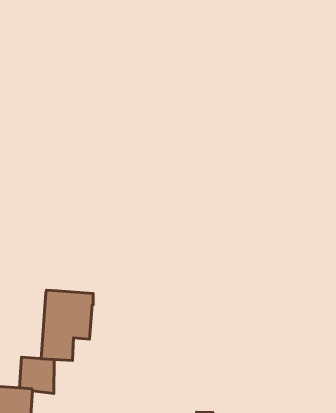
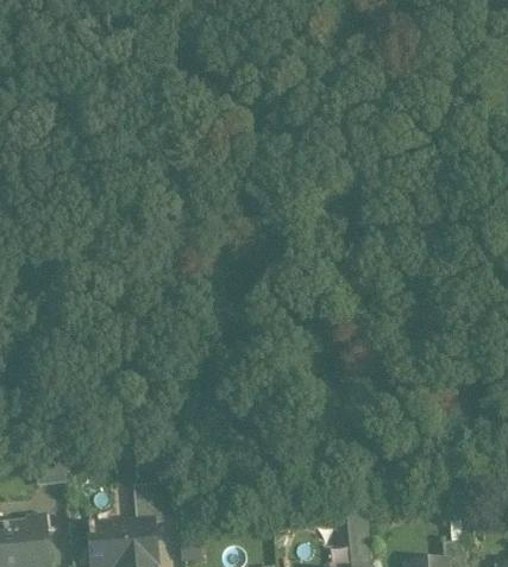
building: [41,290,93,360] -> none

